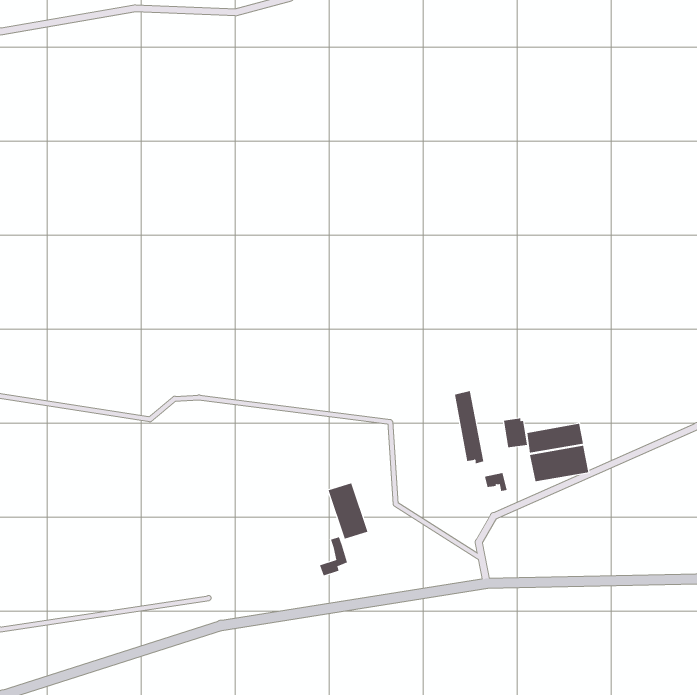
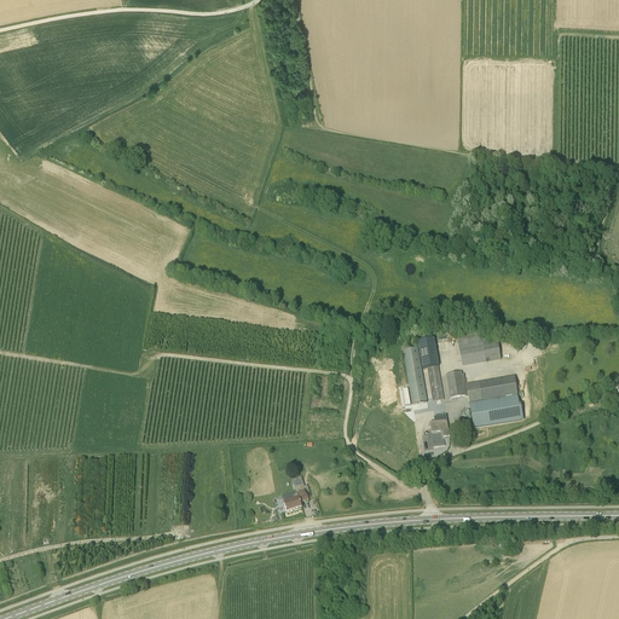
building: none -> [457,330,501,365]
building: none -> [418,337,444,400]
building: [328,483,368,540] -> none

